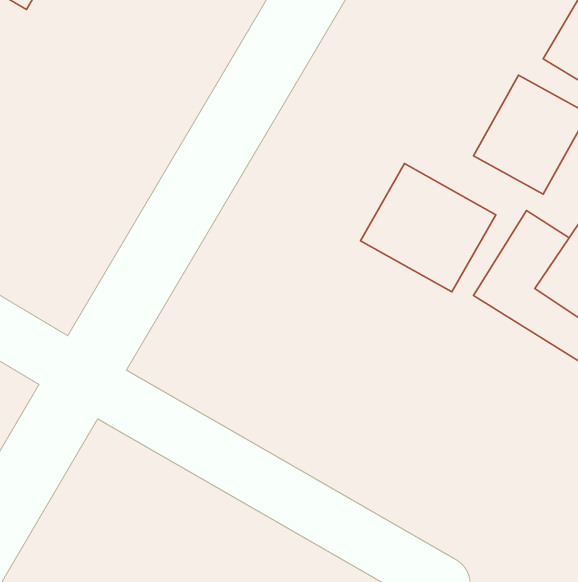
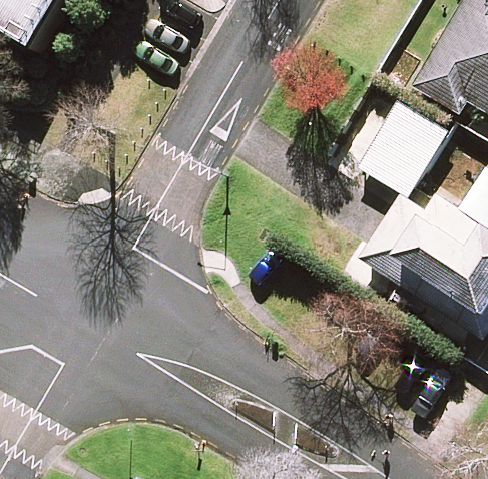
building: [360,164,496,292] -> none

